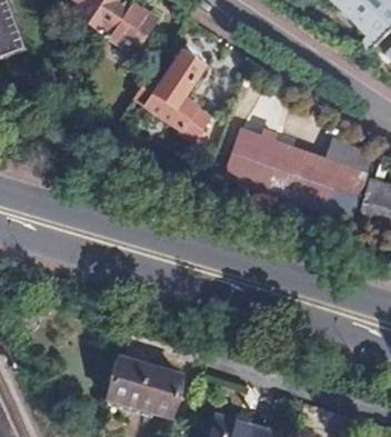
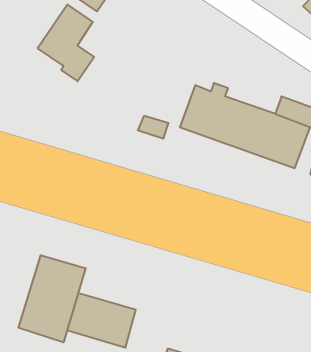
building: [147,48,208,131] -> [38,4,94,81]
building: none -> [18,255,86,342]

